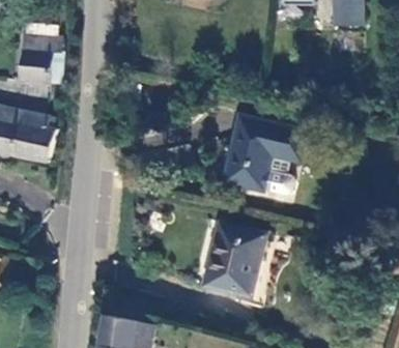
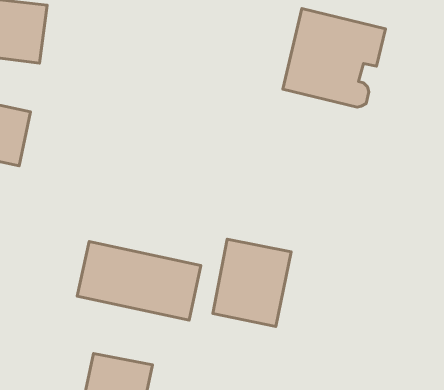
building: [223,114,306,194] -> [283,8,385,107]
building: none -> [77,241,201,320]

